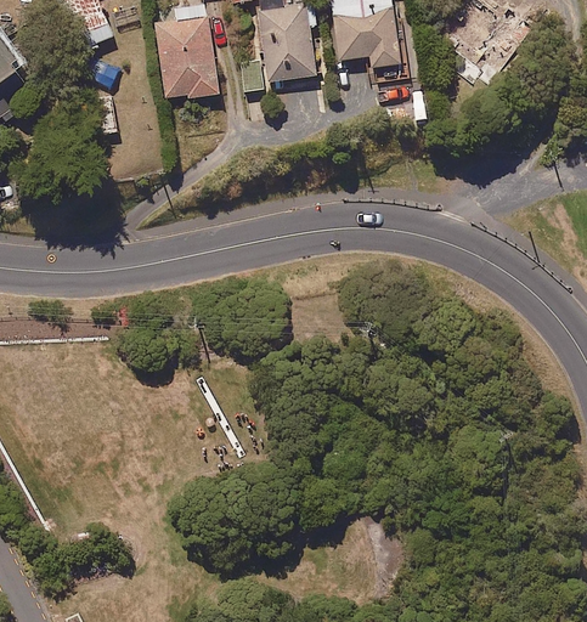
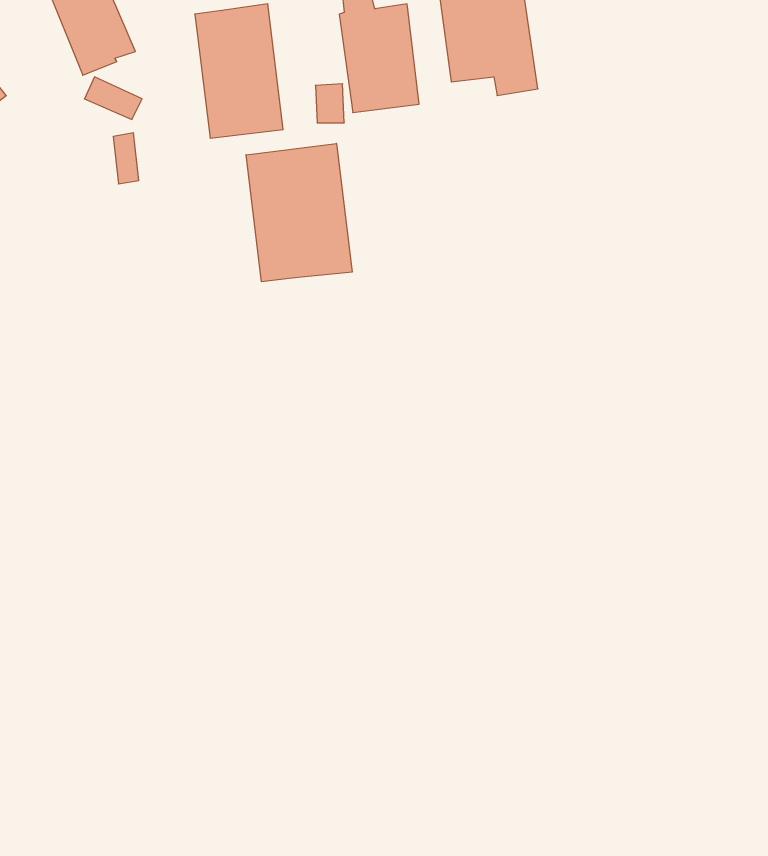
building: none -> [246,143,352,282]

